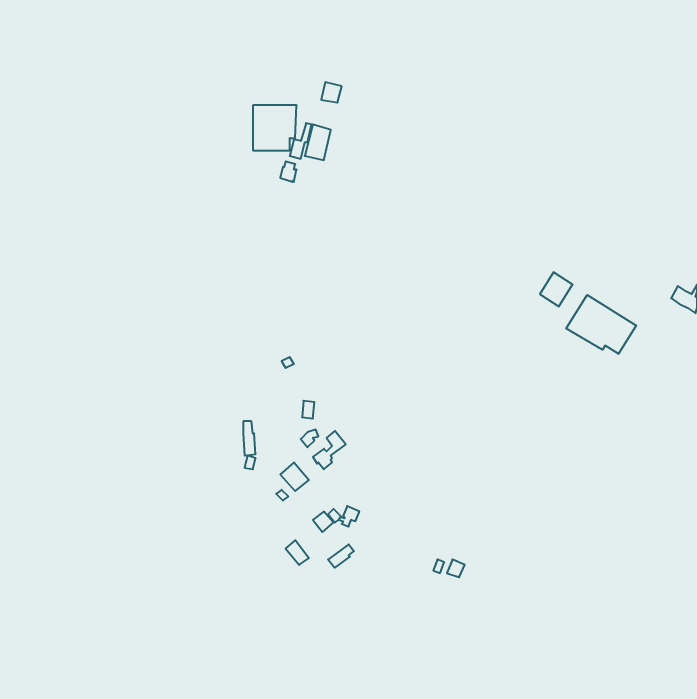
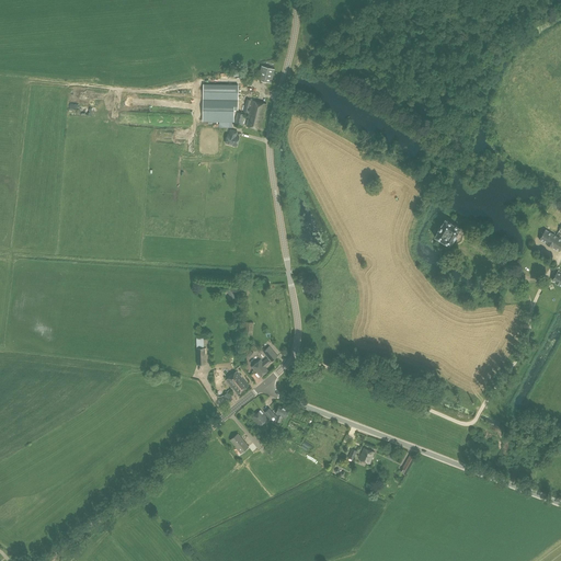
building: [566,295,636,354] -> none

